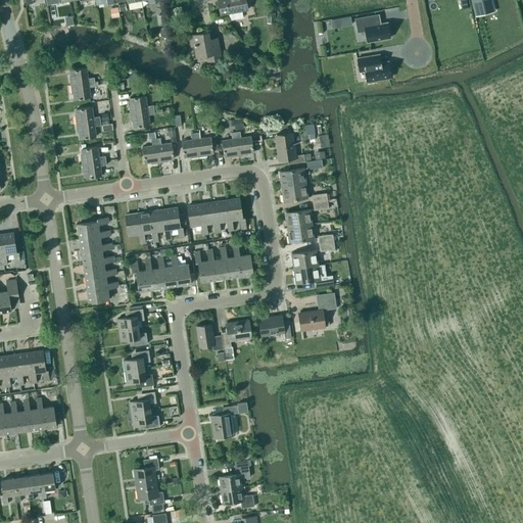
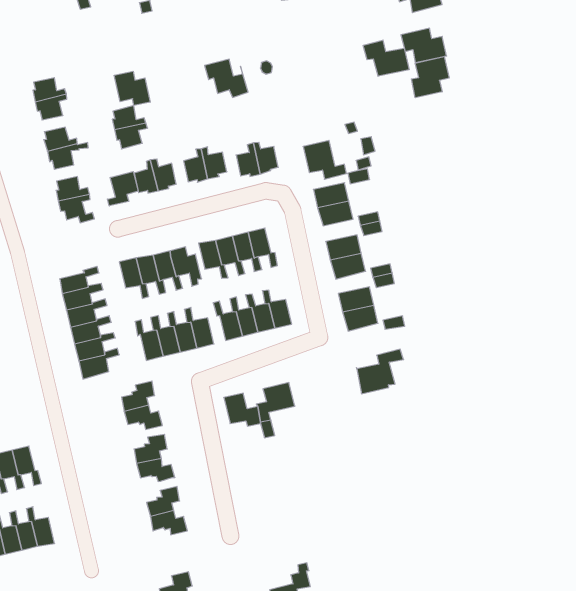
building: [189,32,221,61] -> [205,59,248,97]
building: none -> [363,40,409,76]
building: none -> [114,71,150,105]
building: none -> [411,56,449,98]
building: none -> [107,172,138,206]
building: [259,314,292,339] -> none
building: [210,401,248,437] -> none

